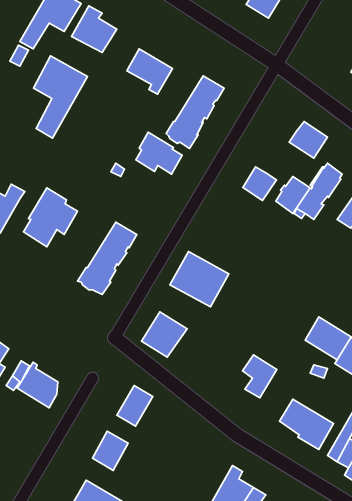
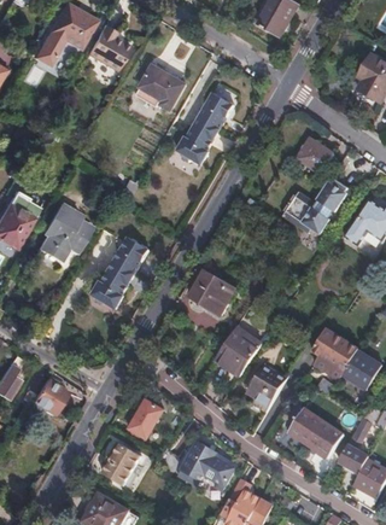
building: [33,56,87,138] -> none
building: [136,132,182,174] -> none
building: [243,167,276,201] -> none
building: [141,312,187,357] -> [214,332,258,377]
building: none -> [177,438,233,482]

